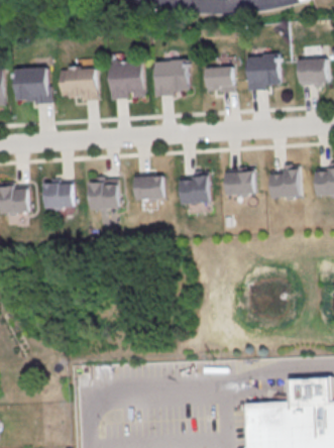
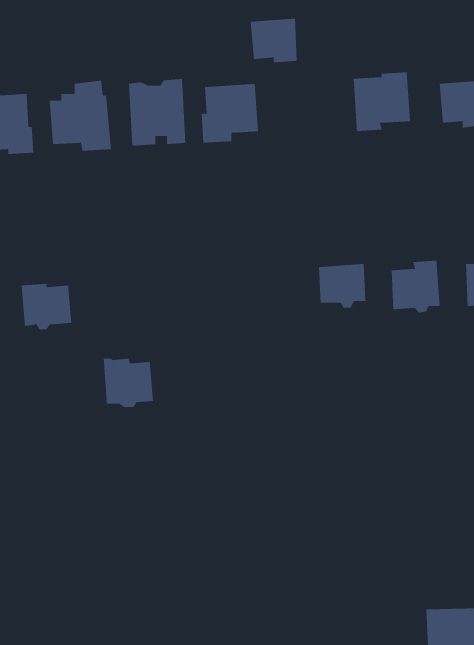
building: [205,65,234,92] -> [250,18,298,63]
building: [180,174,209,203] -> none
building: [134,175,164,201] -> none
building: [88,181,119,211] -> [103,358,154,408]

